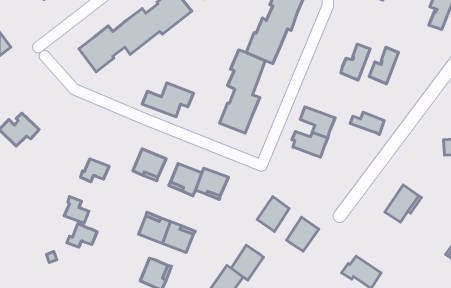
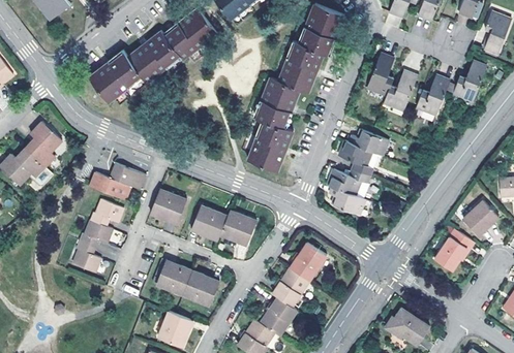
building: none -> [366,53,394,95]
building: none -> [452,60,486,100]
building: [142,83,194,117] -> [88,162,146,200]
building: none -> [25,121,61,166]
building: [350,112,384,134] -> [349,130,387,155]
building: none -> [330,187,365,214]
building: none -> [462,200,497,234]
building: [287,217,319,251] -> [273,267,309,306]
building: [67,223,97,247] -> [79,220,113,247]

